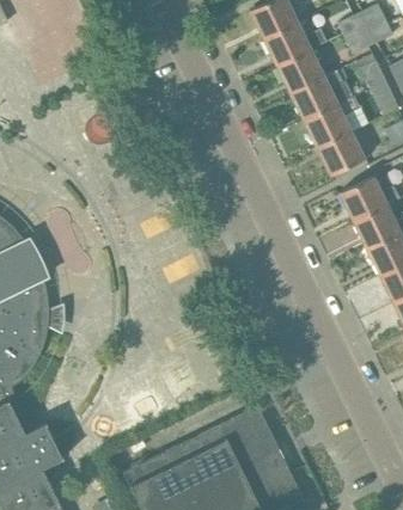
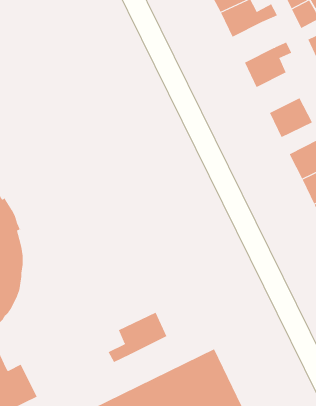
building: [277,48,324,92] -> none
building: [304,94,361,147] -> none
building: none -> [108,312,167,363]

